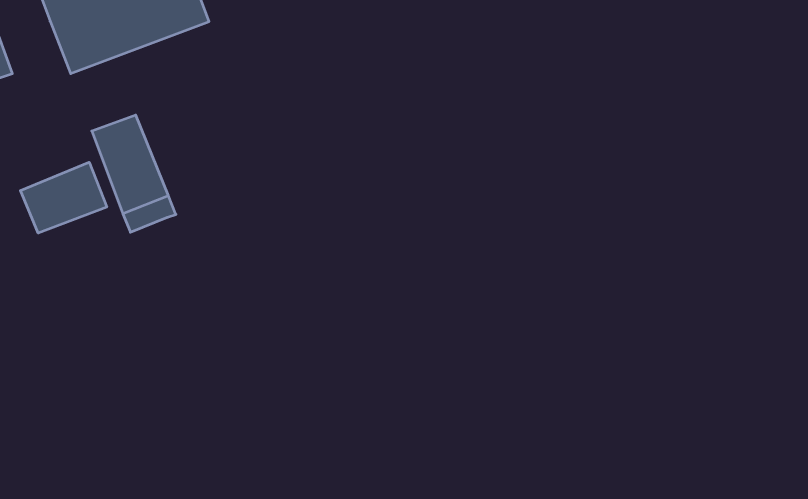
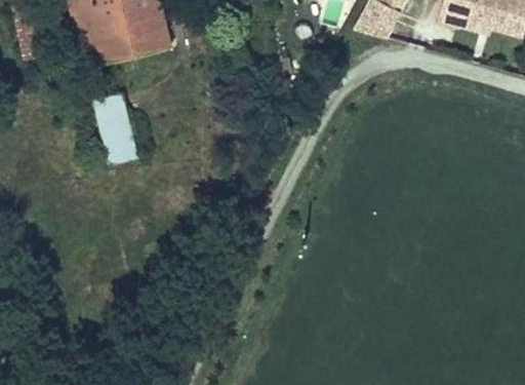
building: [20,162,107,233] -> none

